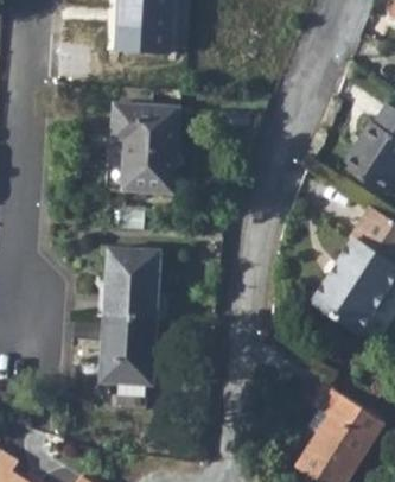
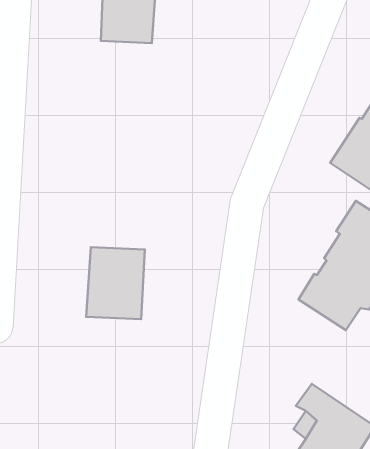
building: [110,102,179,191] -> none
building: [102,318,157,387] -> none

